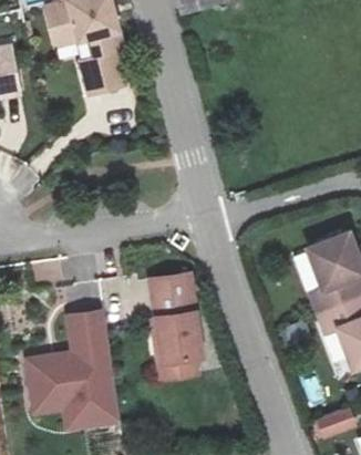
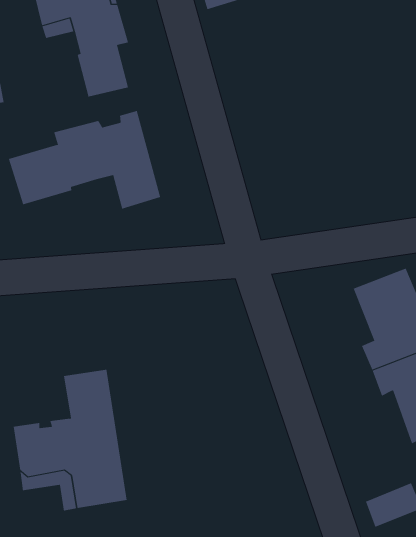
building: none -> [8,110,161,209]
building: [148,277,198,364] -> none

